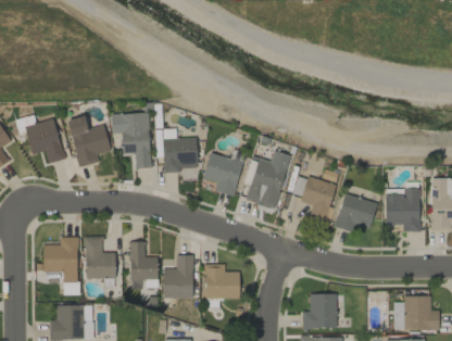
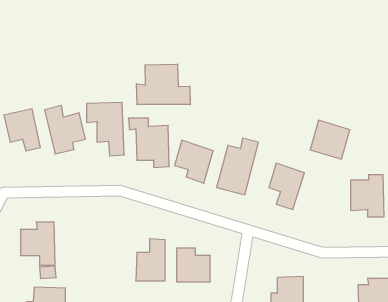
building: none -> [137,64,190,105]
building: [336,193,377,233] -> [310,120,350,159]
building: [86,236,116,278] -> none
building: [129,241,159,279] -> none

